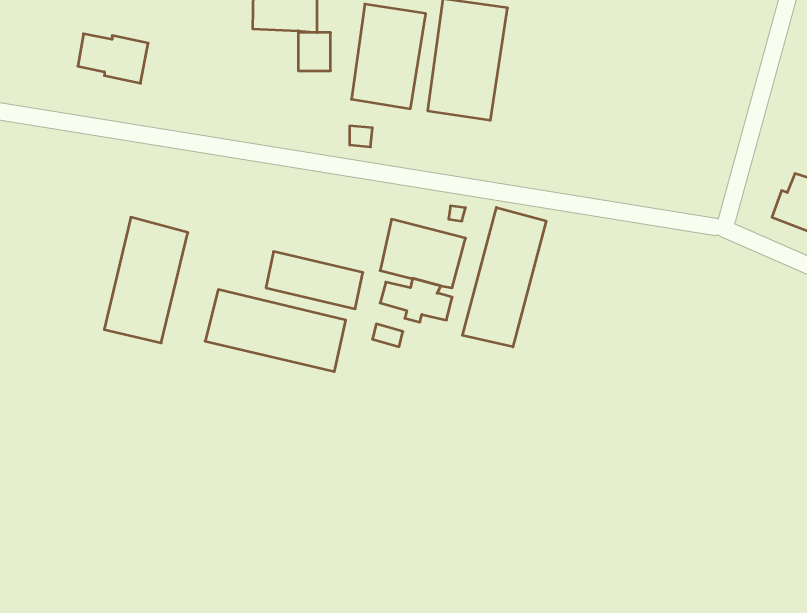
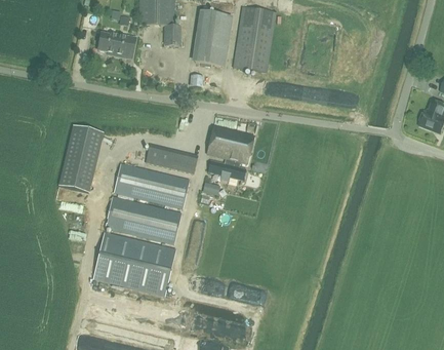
building: [78,34,148,83] -> [97,32,135,59]
building: [462,207,546,347] -> none
building: none -> [105,195,181,243]
building: none -> [92,232,175,296]

